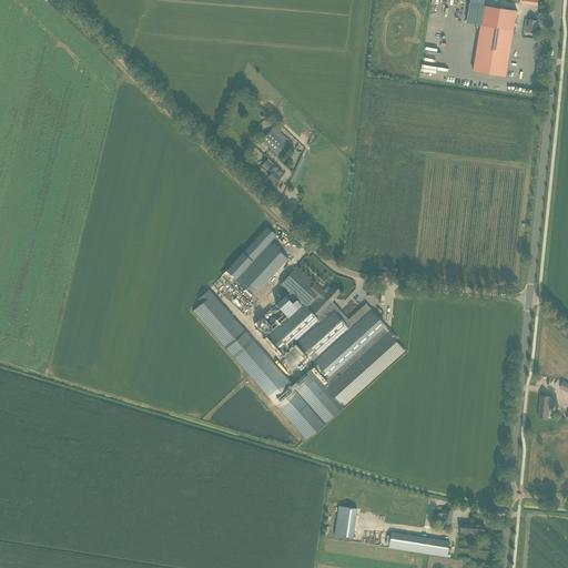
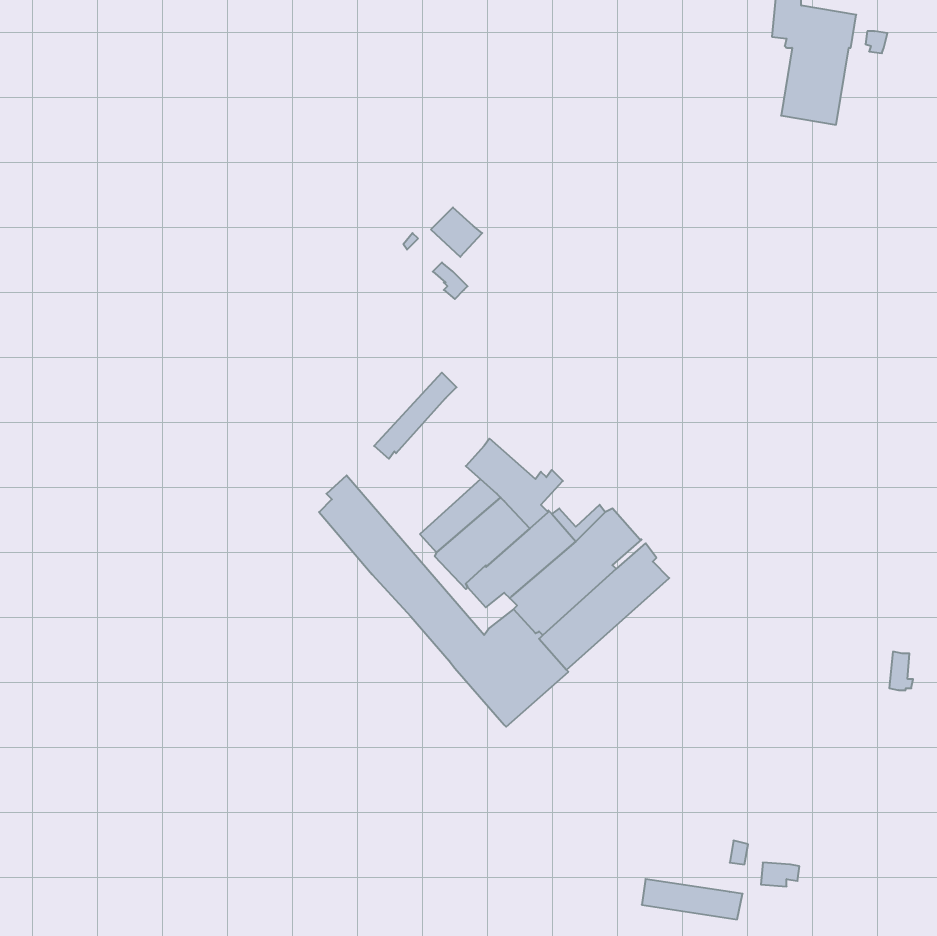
building: [240,241,287,291] -> none
building: [334,505,357,537] -> none

